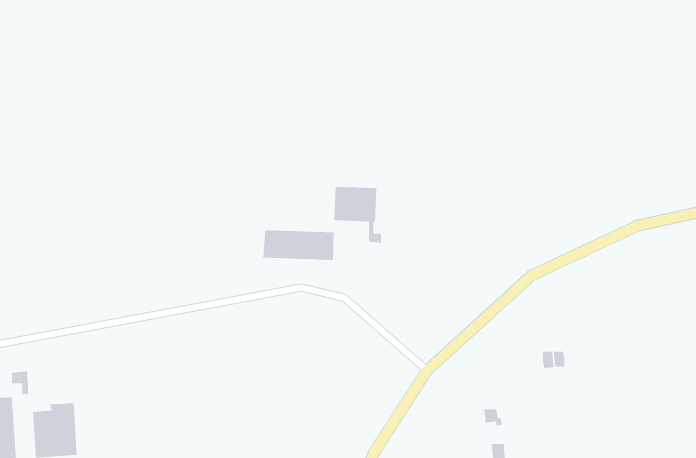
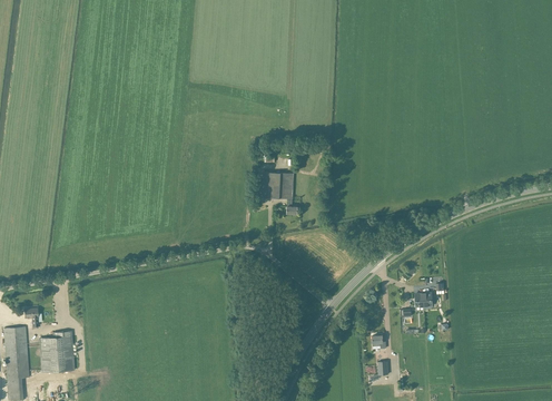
building: [262,229,334,261] -> none

